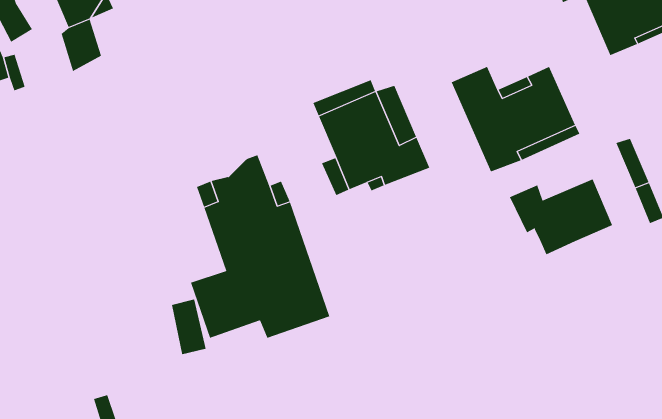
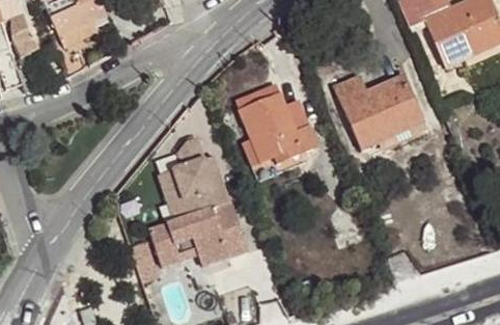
building: [509,178,613,255] -> none

